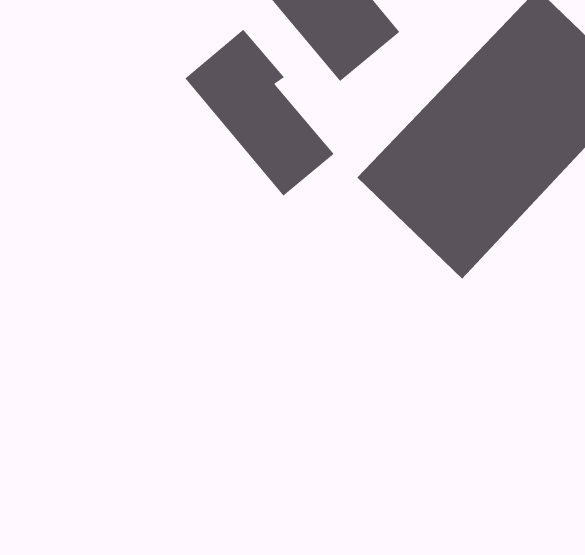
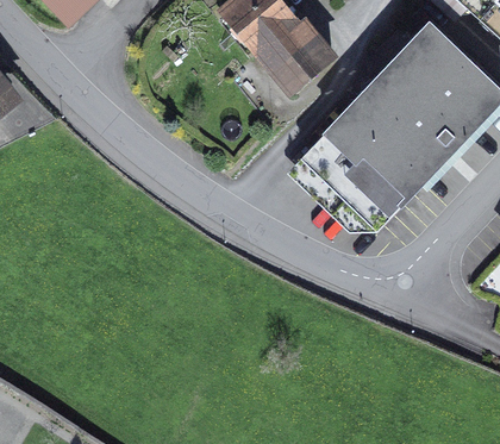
building: [184,29,334,197] -> none

